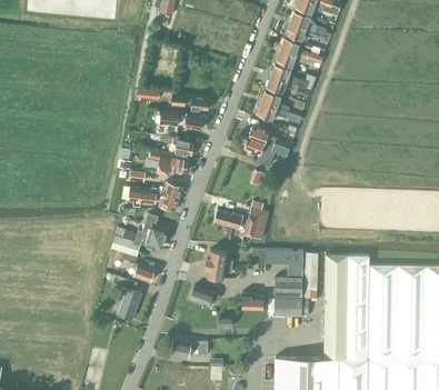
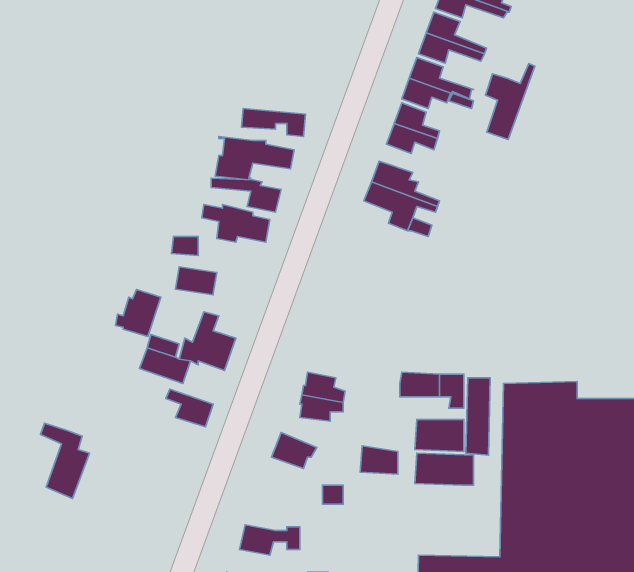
building: none -> [485,64,535,139]
building: [154,181,181,209] -> [116,290,161,337]
building: [213,201,269,239] -> none
building: [113,274,142,319] -> [41,423,90,498]

